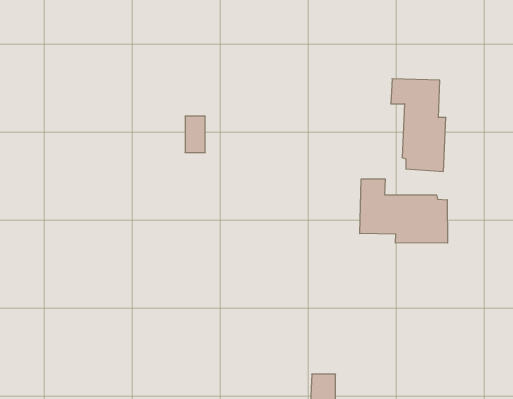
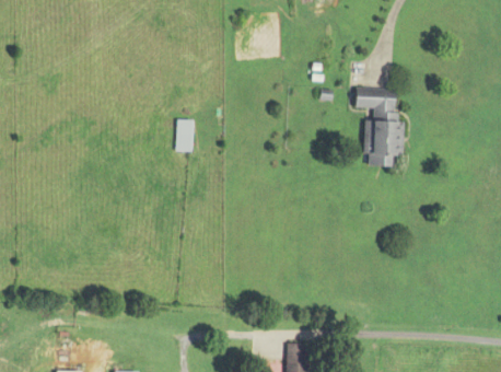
building: [360,179,448,243] -> none

